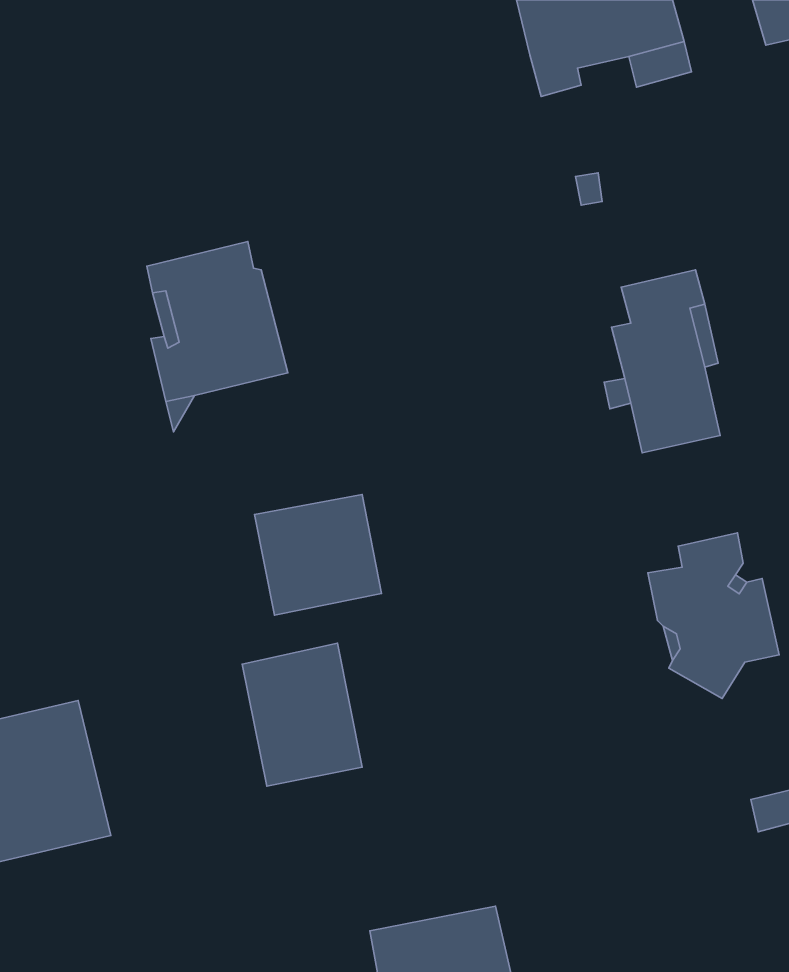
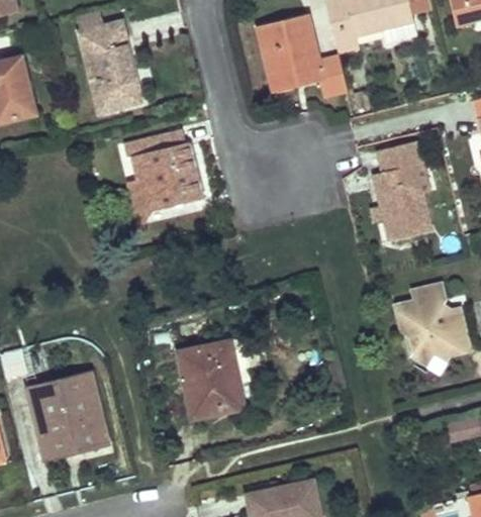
building: none -> [76,8,141,112]
building: none -> [258,16,348,94]
building: [254,495,382,615] -> none

